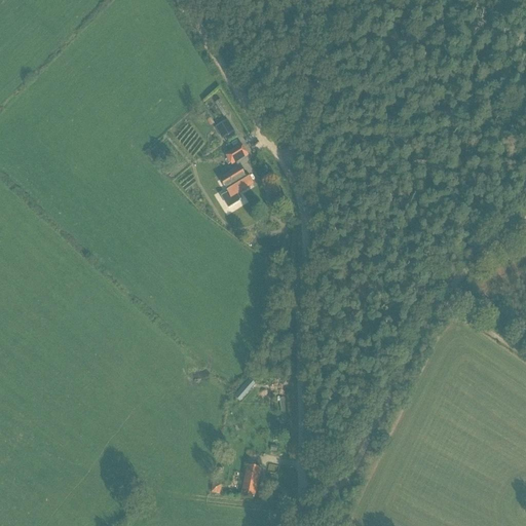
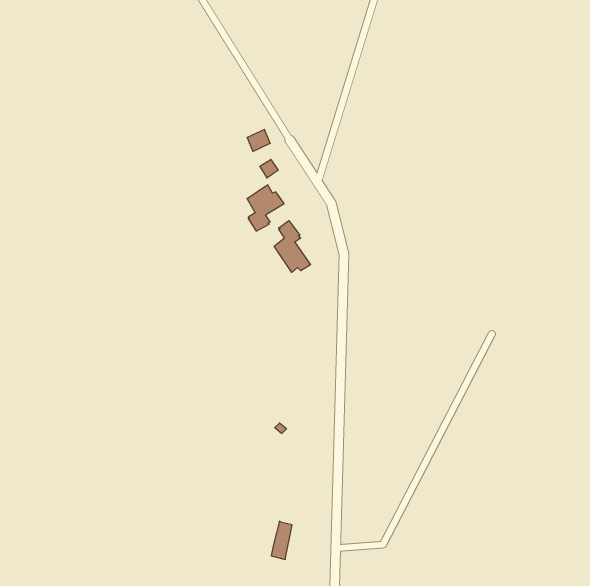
building: none -> [274,221,311,272]

